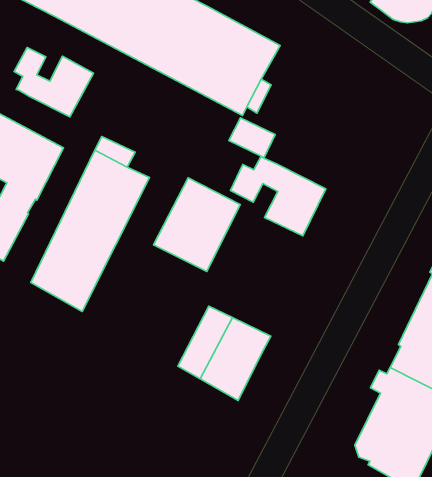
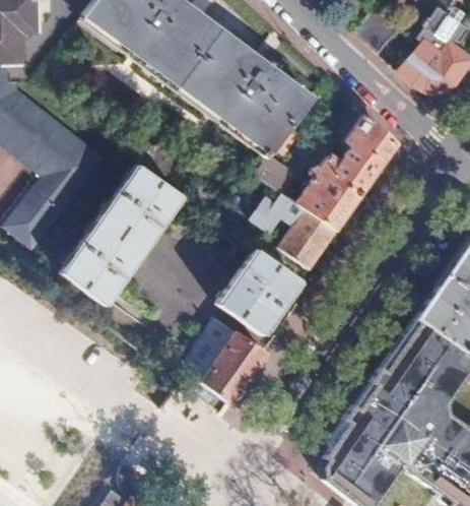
building: [14,48,94,117] -> none
building: none -> [294,113,395,230]
building: [153,178,240,271] -> [216,249,298,334]

